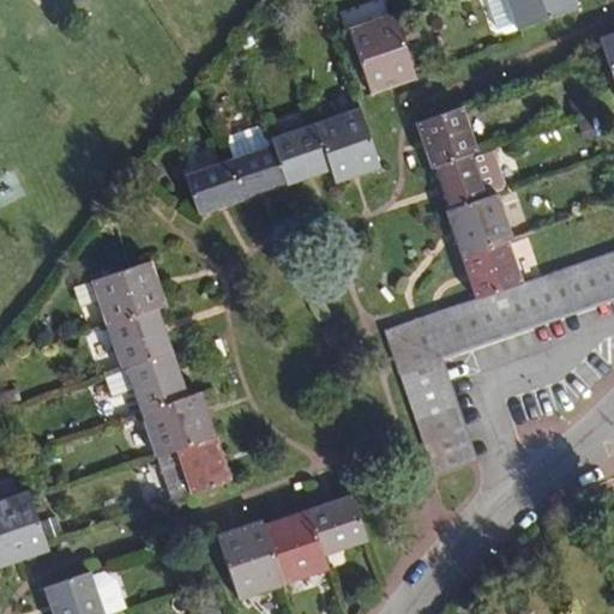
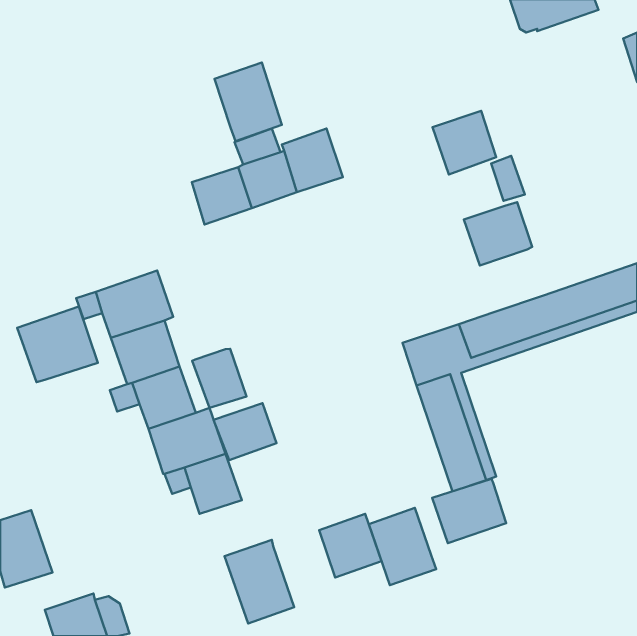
building: [349,13,416,94] -> none
building: [314,108,379,183] -> [214,63,282,141]
building: [432,154,486,211] -> none
building: [462,240,523,300] -> none
building: none -> [17,306,98,382]
building: none -> [192,349,246,408]
building: none -> [214,403,276,460]
building: none -> [432,479,506,543]
building: [263,510,327,584] -> [369,508,436,585]

